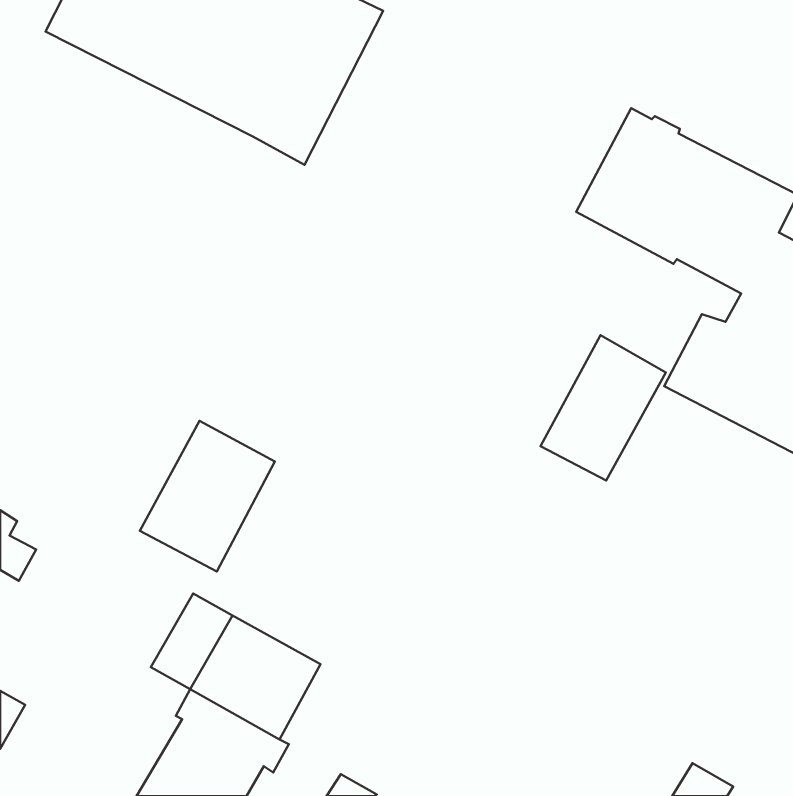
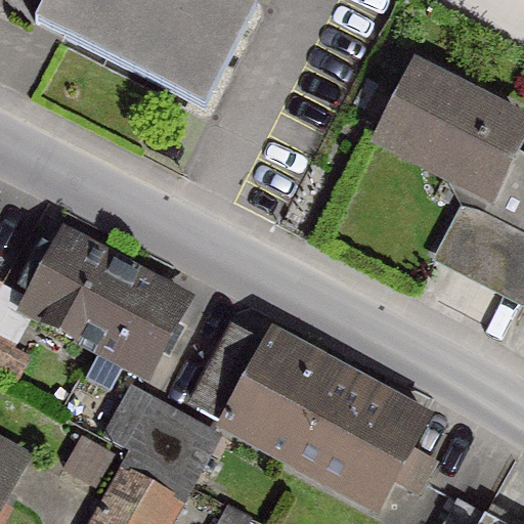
building: [540,335,666,481] -> none
building: none -> [24,236,136,346]
building: none -> [198,331,435,505]

